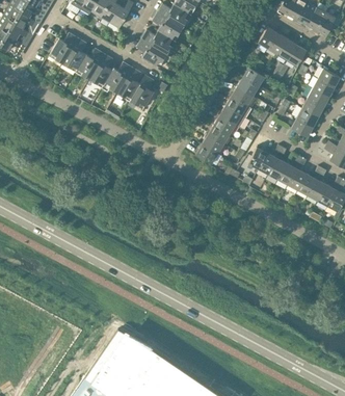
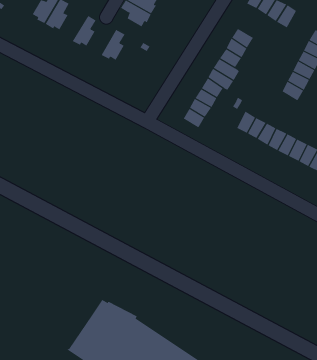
building: [77,49,104,79] -> none
building: [101,62,131,93] -> none
building: [130,75,153,106] -> none

